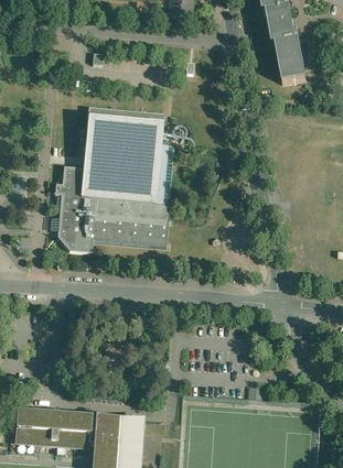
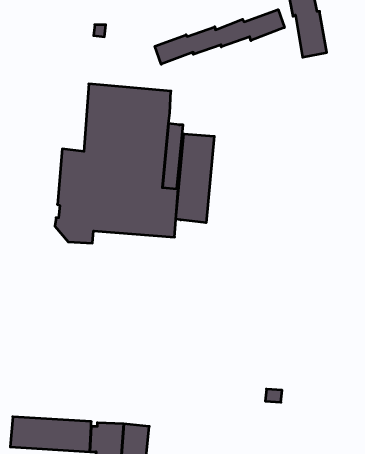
building: none -> [155,10,284,64]
building: none -> [176,134,214,223]

